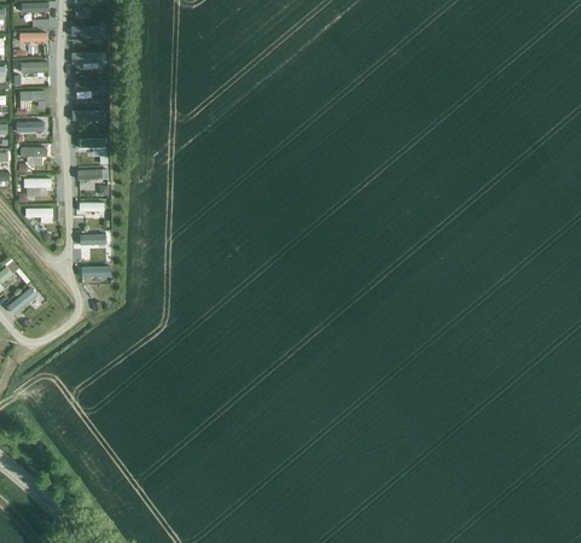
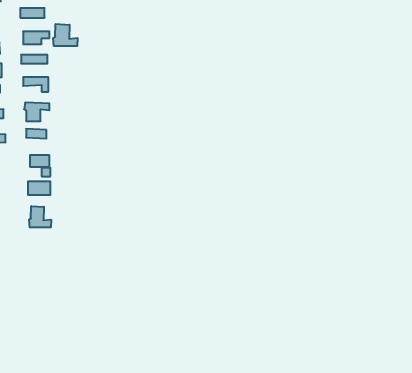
building: none -> [53,24,77,46]
building: none -> [29,206,51,227]

